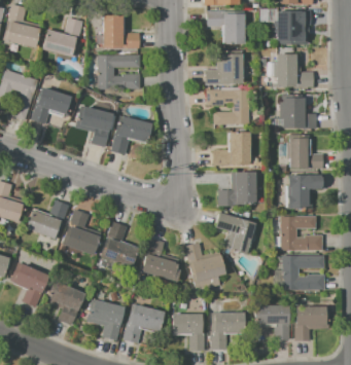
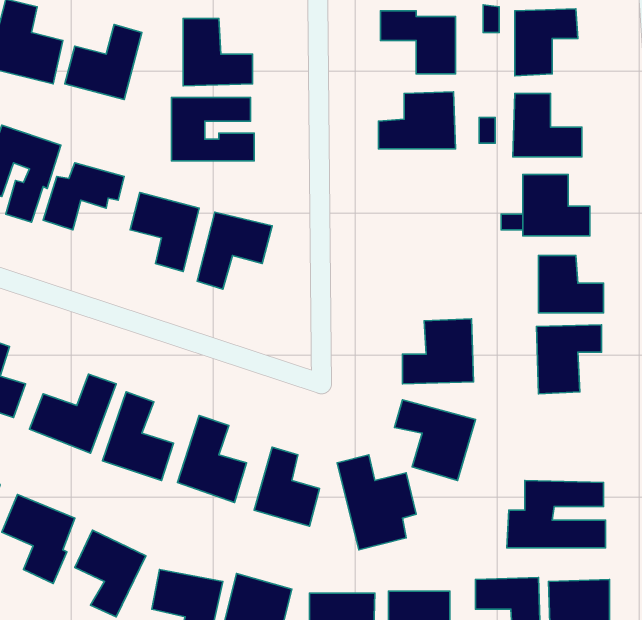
building: [208,89,249,123] -> none
building: [213,132,249,165] -> none
building: [281,216,322,250] -> none

